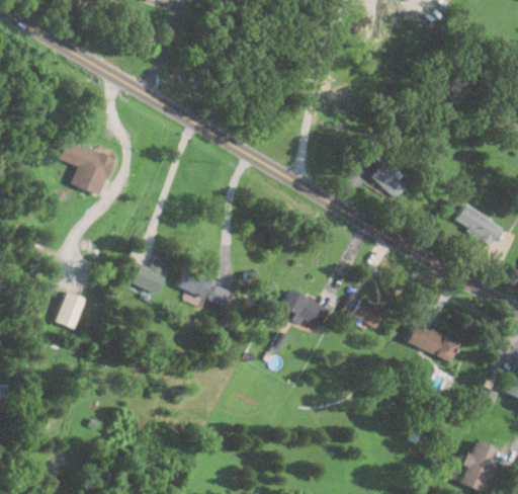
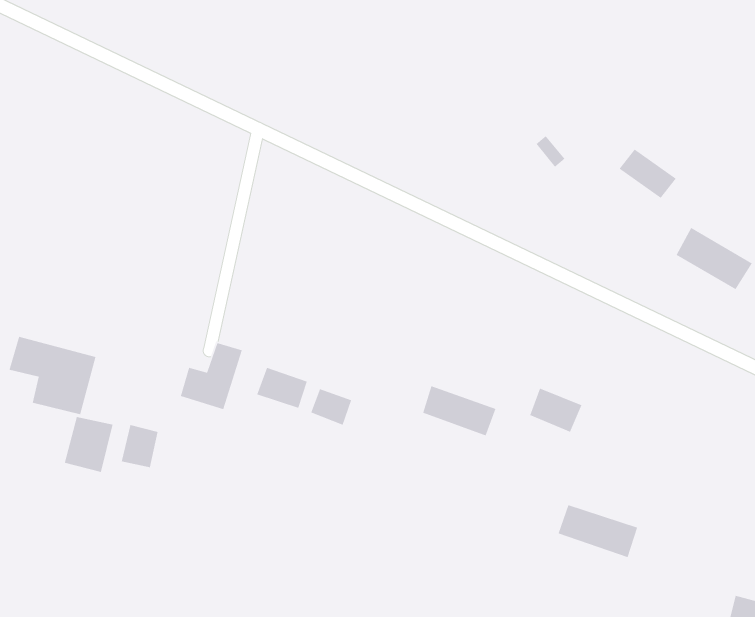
building: [58,141,114,194] -> [8,336,97,415]
building: [369,165,406,198] -> [619,148,677,199]
building: none -> [121,424,159,468]
building: [408,324,459,361] -> [557,504,638,558]

